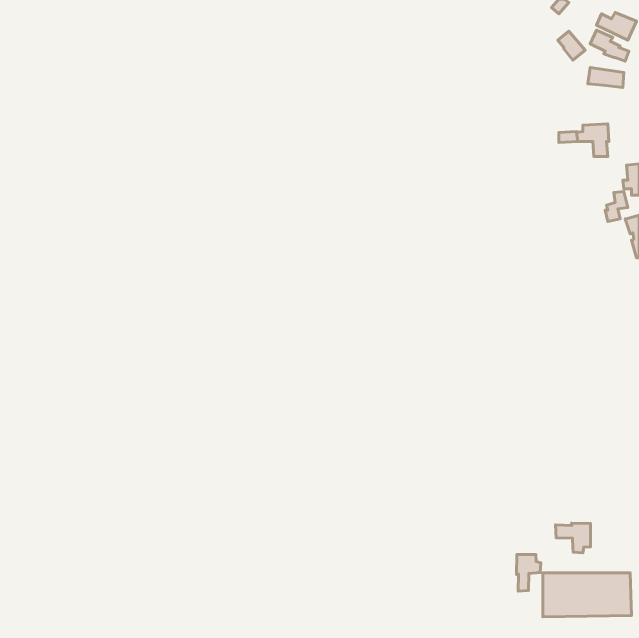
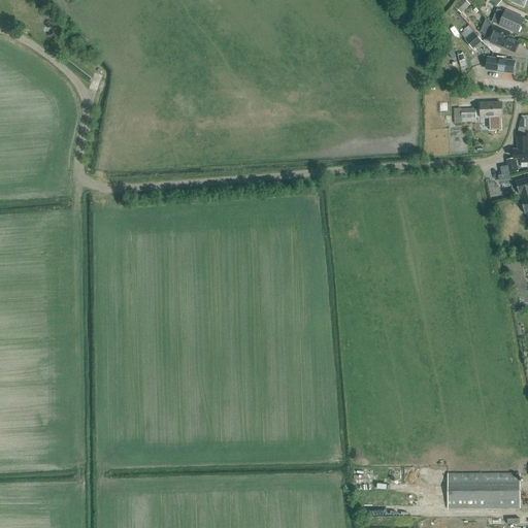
building: [555,523,591,553] -> none
building: [517,555,541,591] -> none

